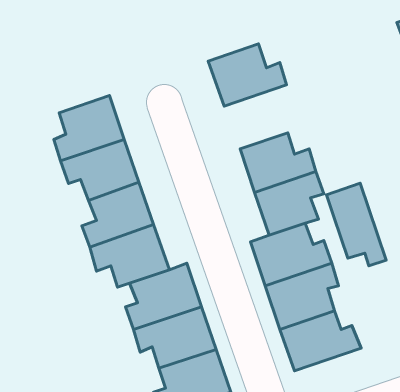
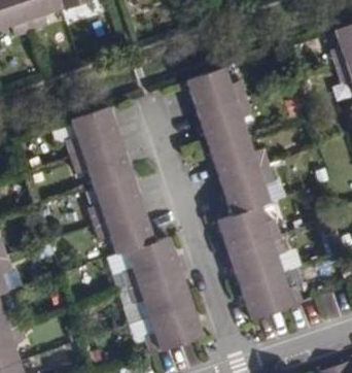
building: none -> [198,98,252,147]
building: [327,183,386,266] -> none

